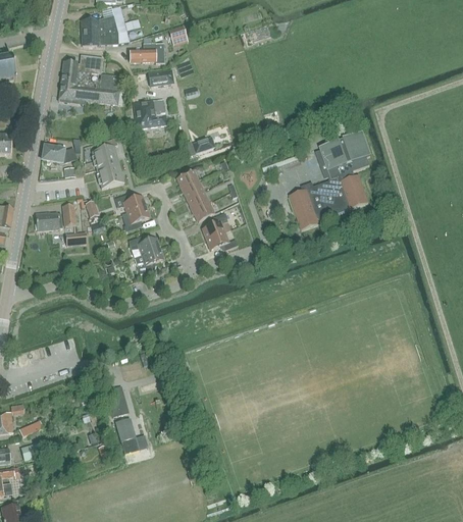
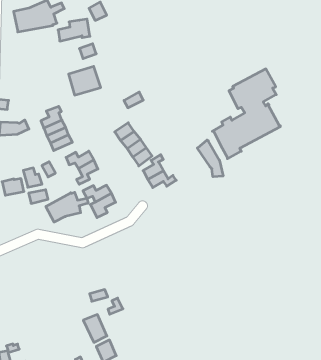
building: [58,54,121,104] -> none
building: none -> [197,140,223,177]
building: none -> [46,192,88,222]

